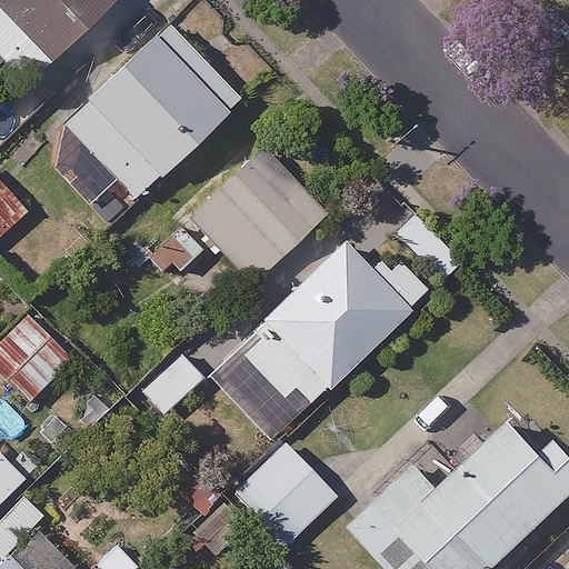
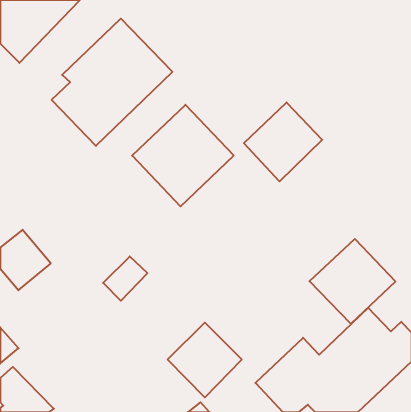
building: none -> [244,102,322,181]
building: [223,241,428,426] -> none
building: none -> [309,239,395,324]

